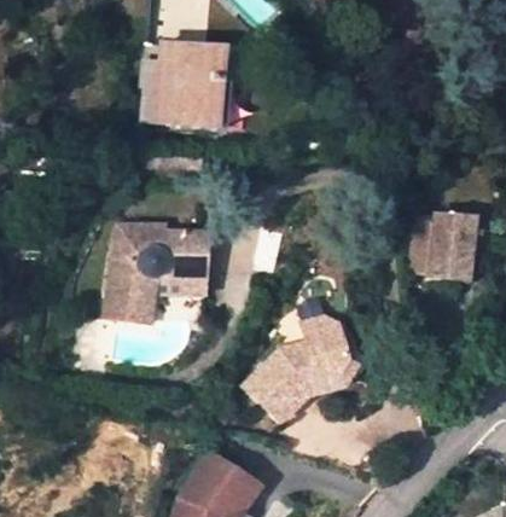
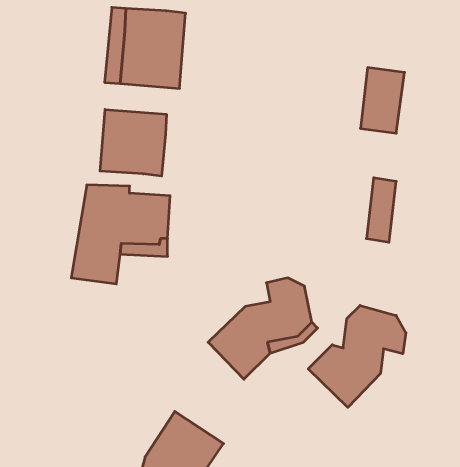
building: none -> [100,109,166,176]
building: [430,219,475,285] -> [360,68,405,133]
building: none -> [308,305,406,407]

